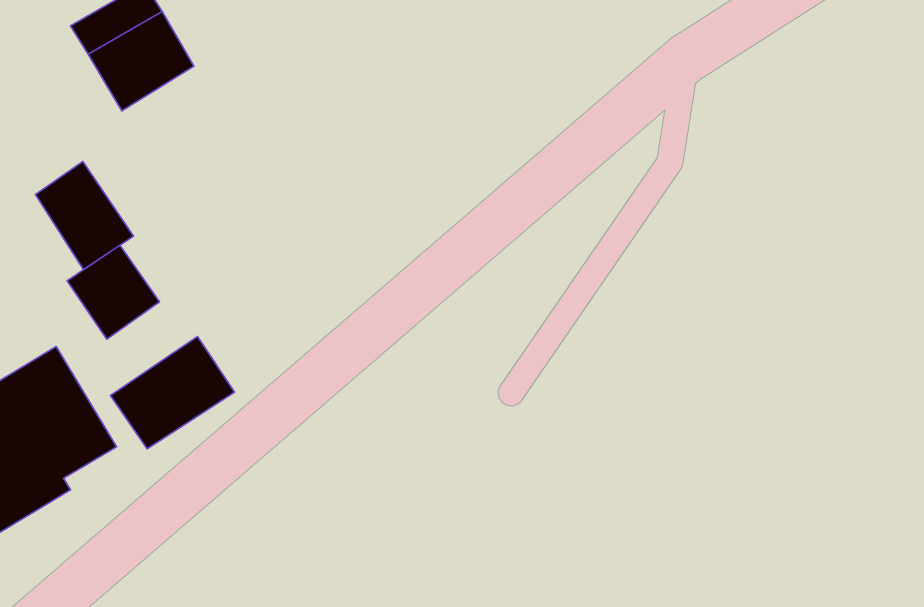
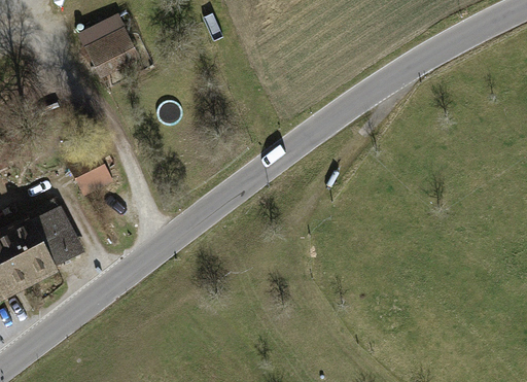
building: [35,162,134,269] -> none
building: [111,336,235,449] -> none

